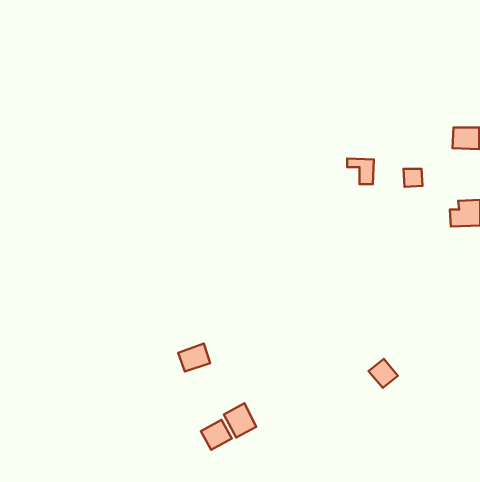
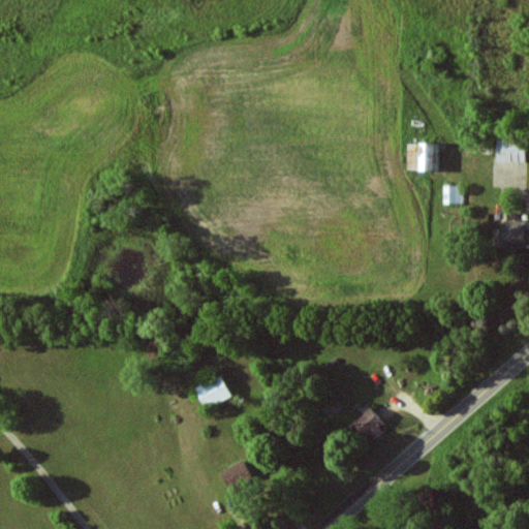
building: [347,159,374,184] -> [407,144,436,172]
building: [369,359,398,388] -> [352,409,384,441]
building: [224,403,256,437] -> none

